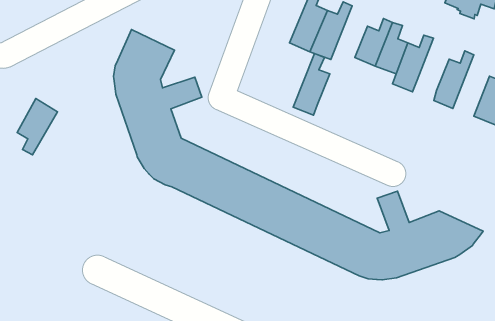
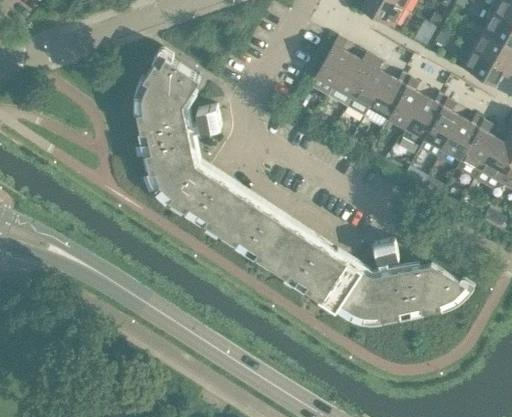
building: none -> [426,98,460,148]
building: [293,54,330,115] -> [348,57,387,115]
building: none -> [457,119,496,177]
building: [17,98,58,155] -> none

